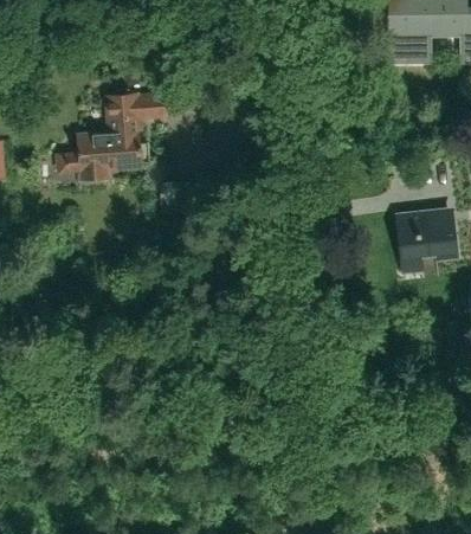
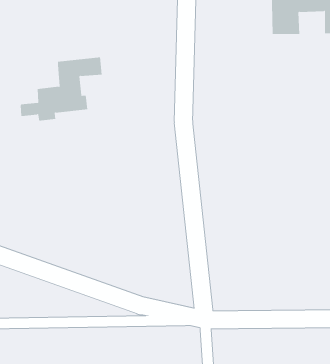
building: [395,210,453,262] -> none

